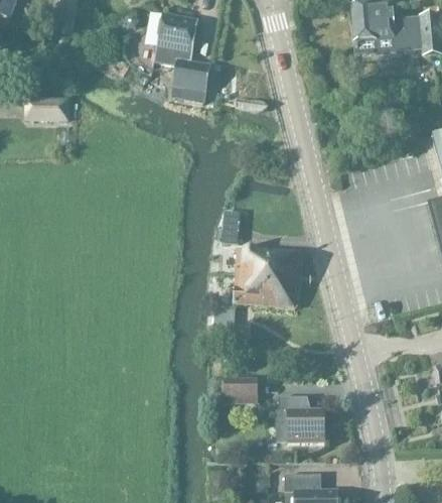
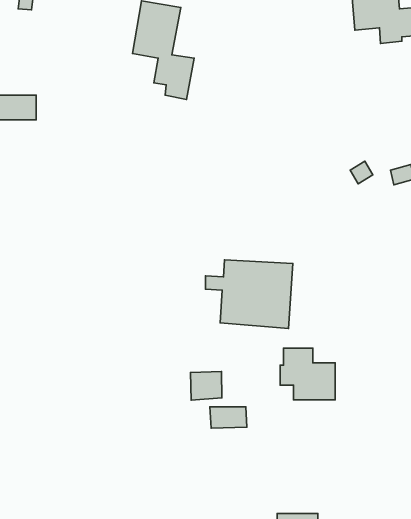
building: none -> [191,372,222,400]
building: [276,396,325,443] -> [280,348,335,400]

